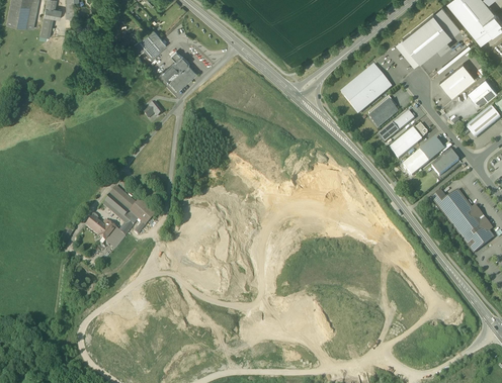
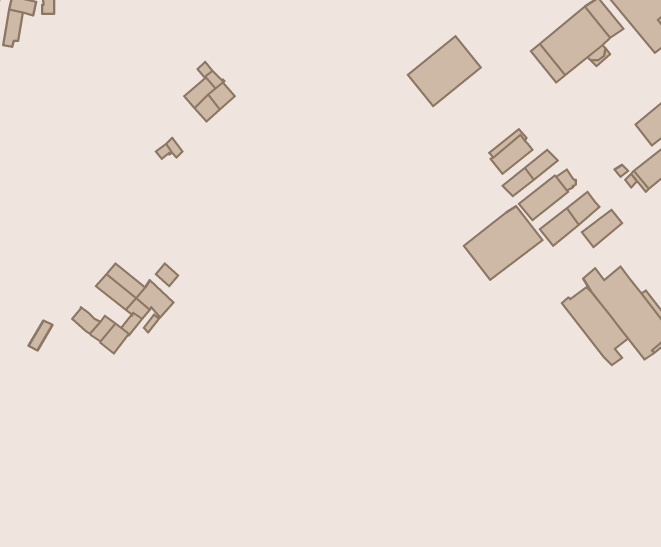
building: [133,29,165,57] -> none
building: [439,63,475,97] -> none
building: [341,65,391,112] -> [408,36,481,106]
building: none -> [464,206,542,280]
building: none -> [562,287,628,365]

